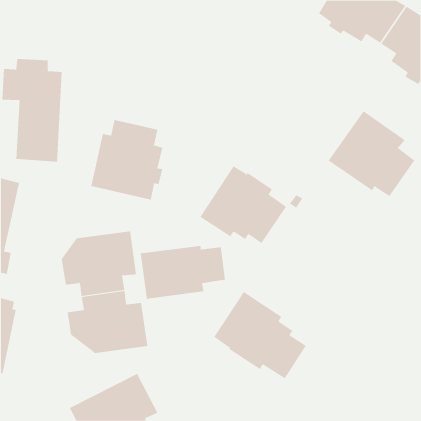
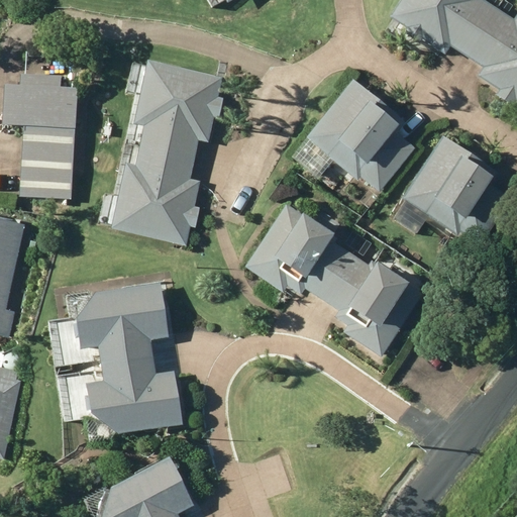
building: none -> [134,60,223,159]
building: none -> [290,79,415,191]
building: none -> [321,253,422,356]
building: [140,245,226,300] -> none
building: [214,291,307,379] -> none

